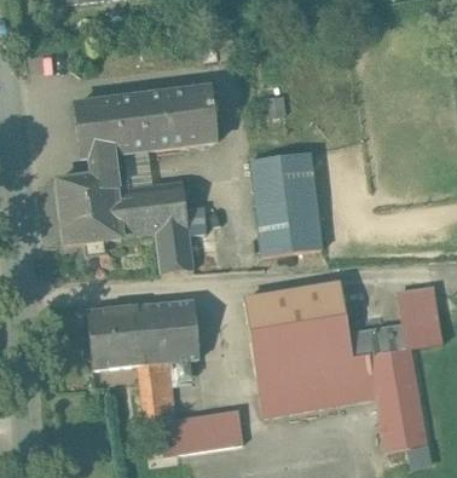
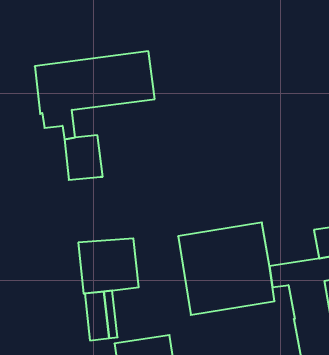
building: [248,151,320,255] -> none
building: [54,173,120,244] -> none
building: [151,182,191,271] -> none
building: [87,306,135,369] -> none
building: [258,355,376,413] -> none

